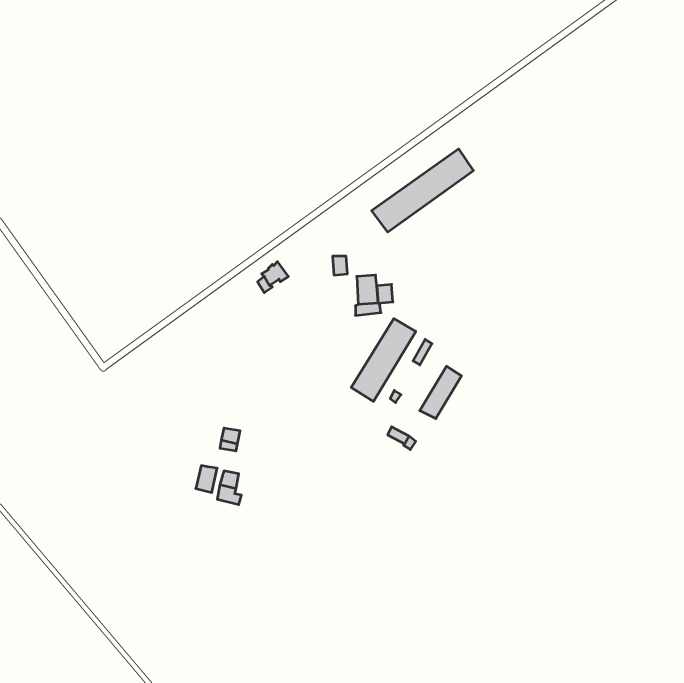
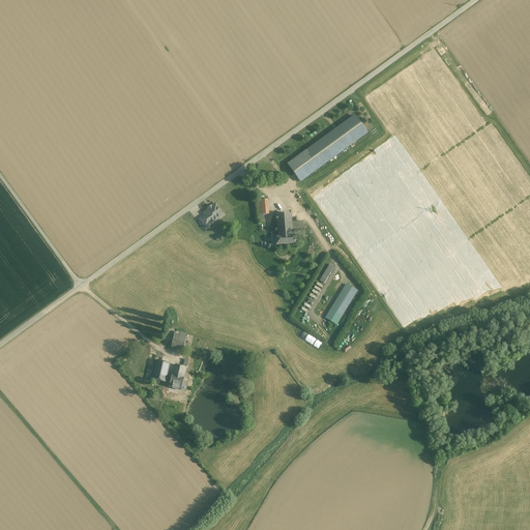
building: [351,319,416,401] -> none

